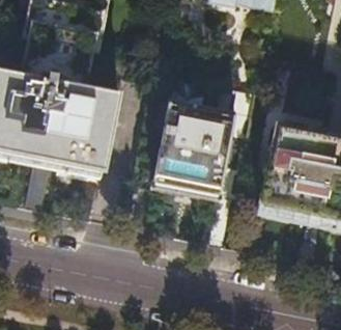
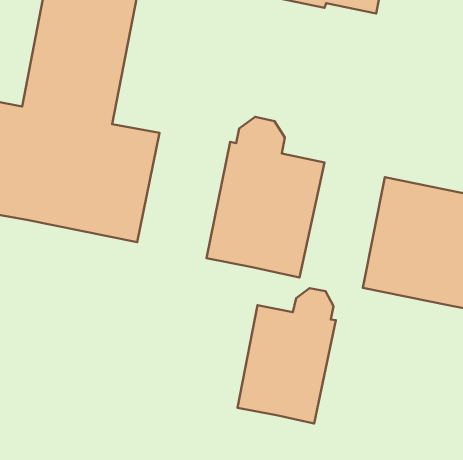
building: none -> [237,288,336,424]

